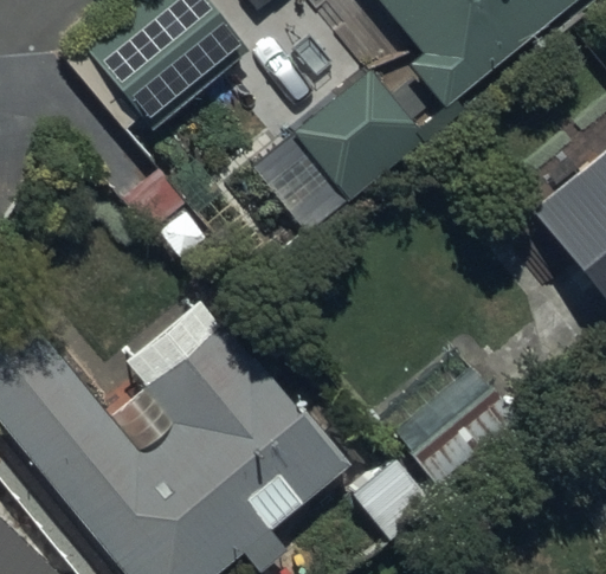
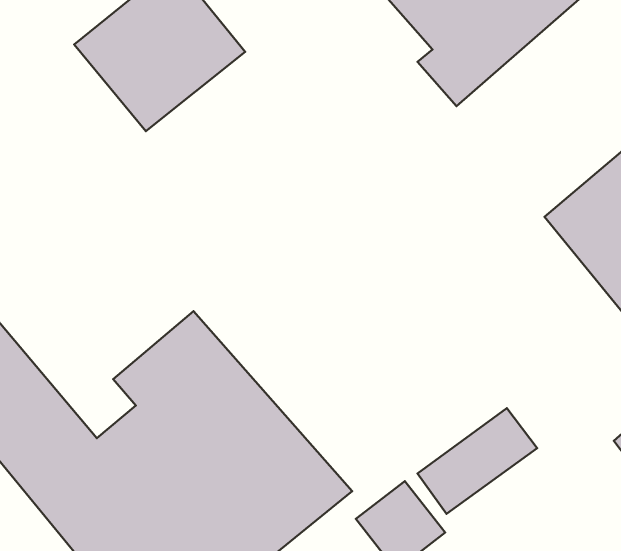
building: [290,69,425,202] -> none

